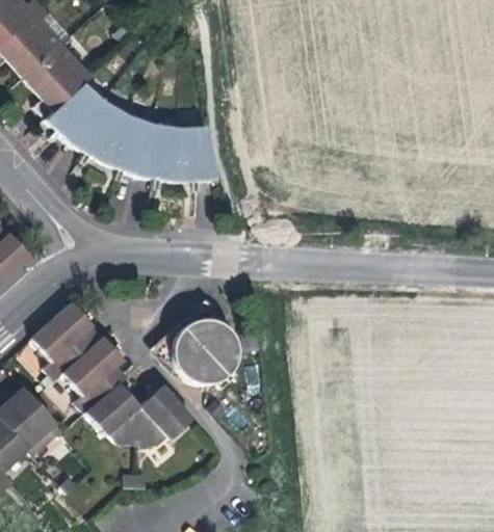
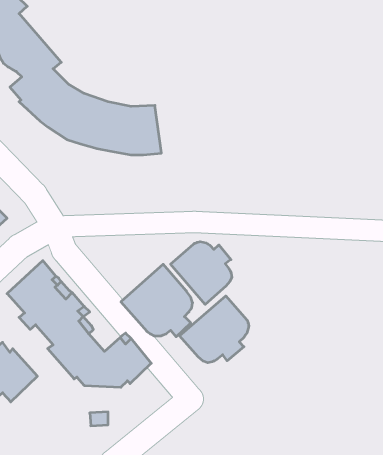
building: none -> [171,242,232,304]
building: none -> [179,296,249,363]

